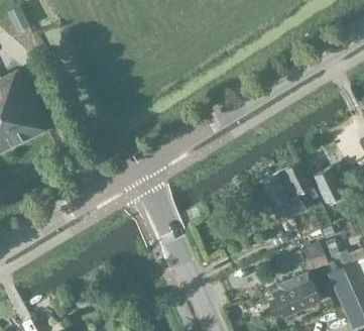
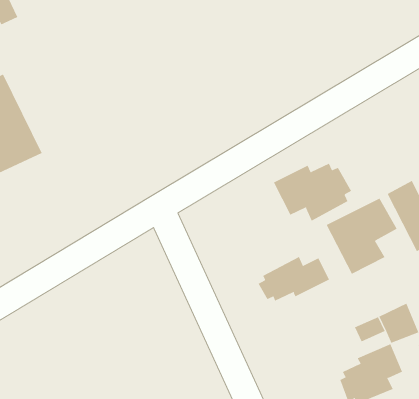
building: none -> [273,163,352,221]
building: none -> [258,256,330,302]

